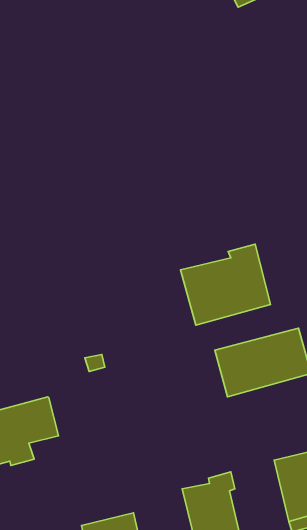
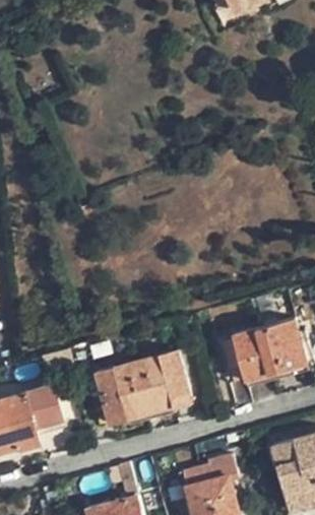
building: [181,244,271,325] -> none
building: none -> [94,351,189,424]

